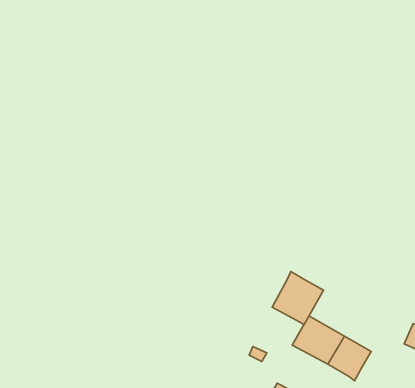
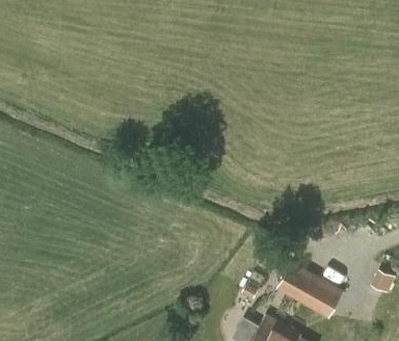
building: [272,272,323,324] -> none

